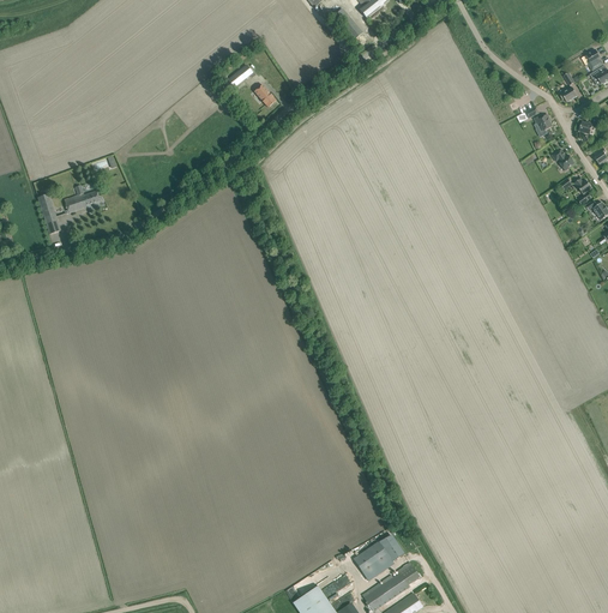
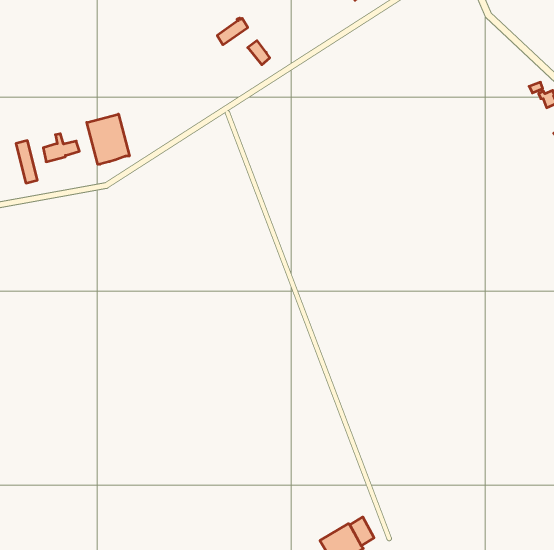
building: none -> [87,114,129,164]

